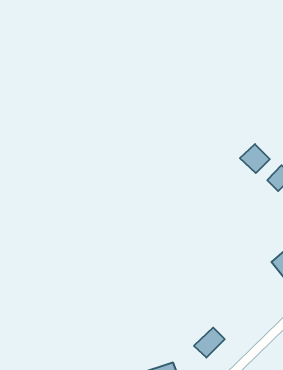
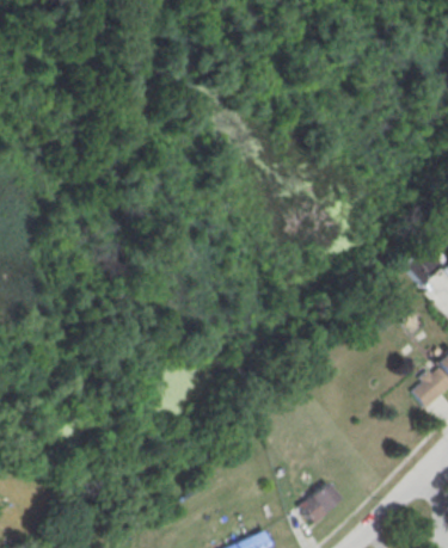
building: [240,144,270,173] -> none

